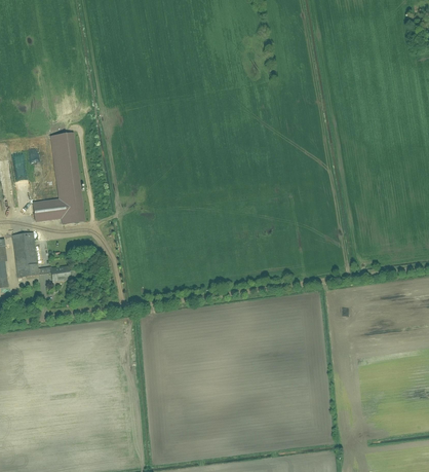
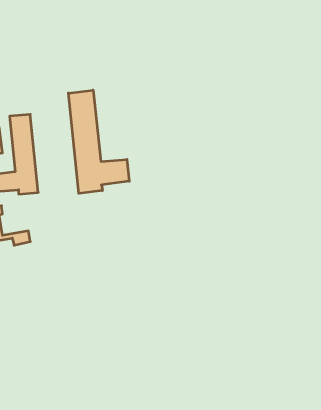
building: none -> [68,90,129,193]

